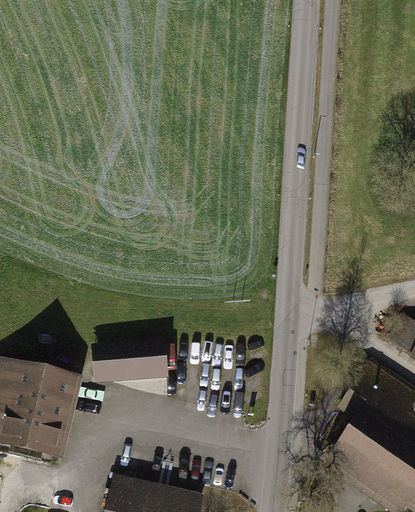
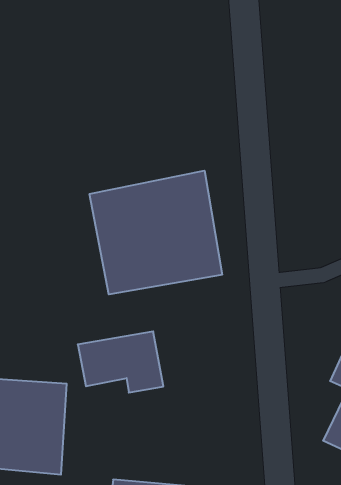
building: none -> [90,171,222,294]

